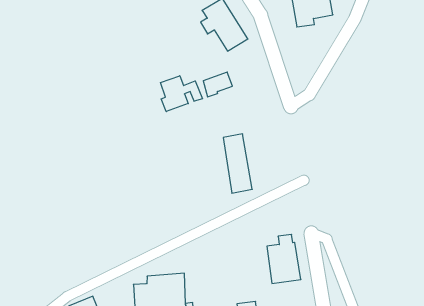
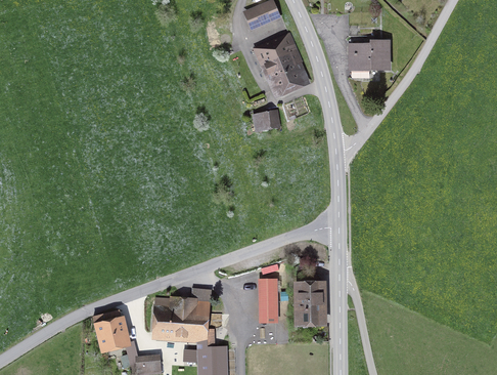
building: [161,76,202,112] -> none
building: [223,134,252,193] -> [259,264,280,321]

